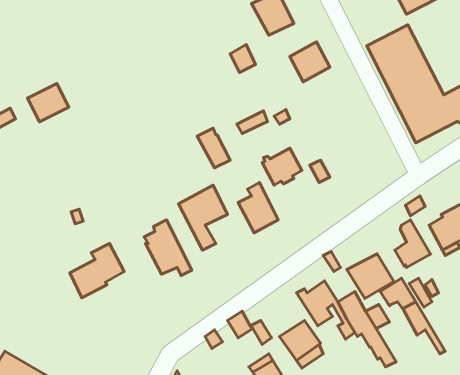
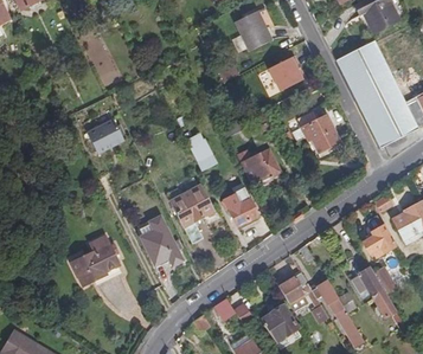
building: [28,83,69,122] -> [86,118,123,153]
building: none -> [296,109,340,152]
building: [347,254,394,298] -> none

